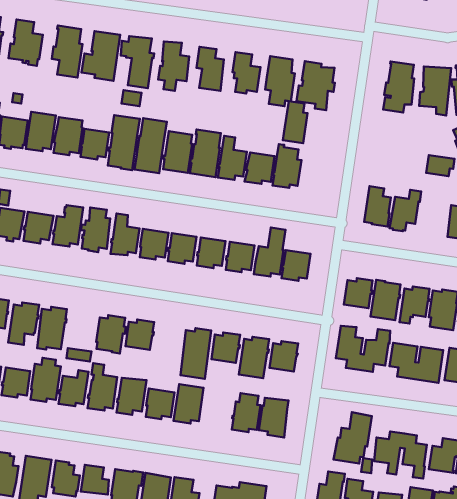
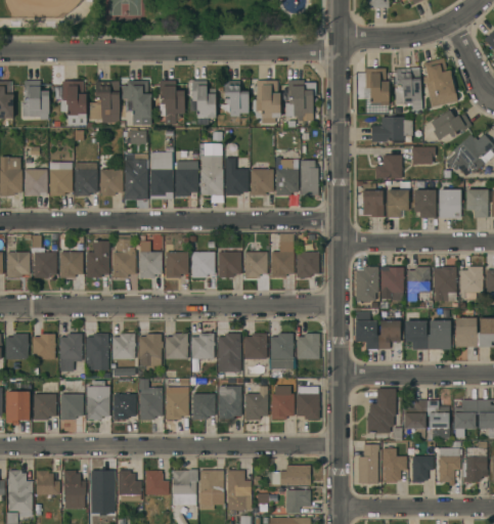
building: [283,101,308,143] -> [300,160,318,195]
building: none -> [370,117,412,141]
building: none -> [374,155,402,178]
building: none -> [413,190,435,218]
building: none -> [111,334,135,359]
building: none -> [190,334,215,359]
building: none -> [243,382,267,420]

